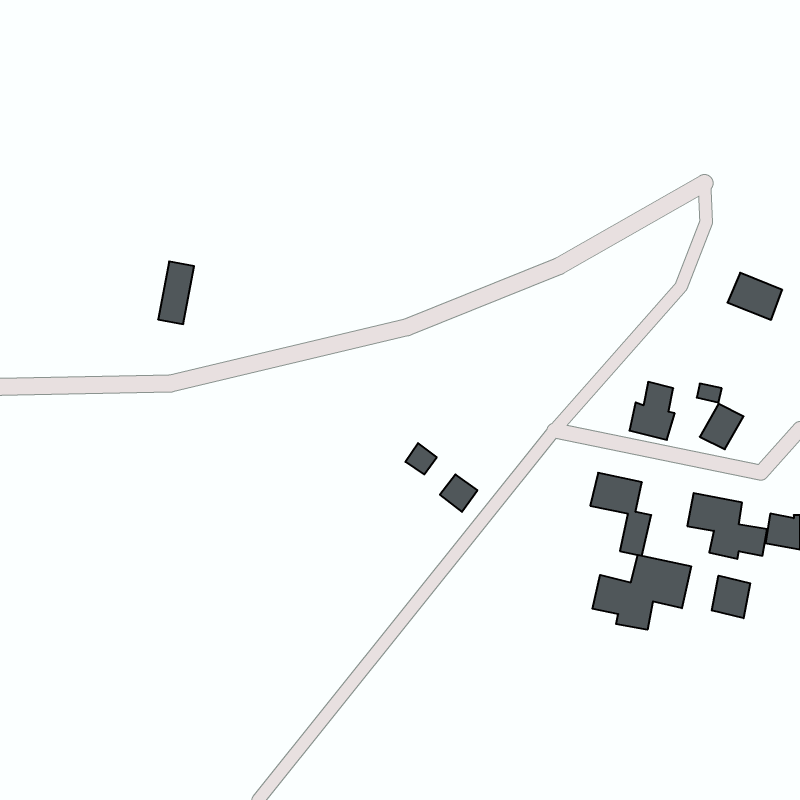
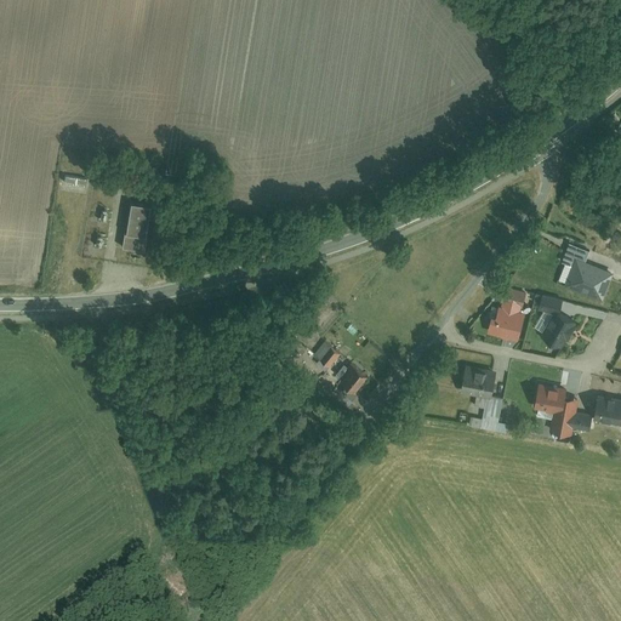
building: [727,273,782,320] -> [568,260,610,296]
building: [592,555,691,630] -> none
building: [712,576,750,618] -> none

